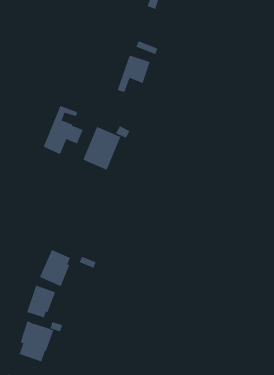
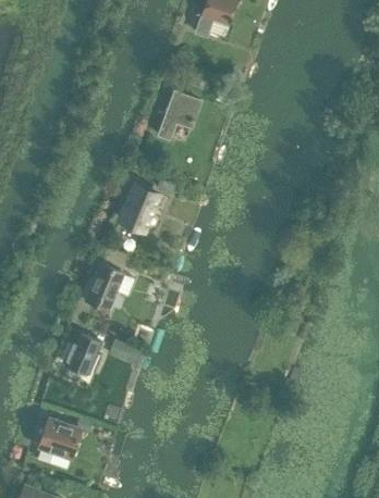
building: [43,105,84,155] -> [85,248,135,309]
building: [26,285,56,318] -> none

